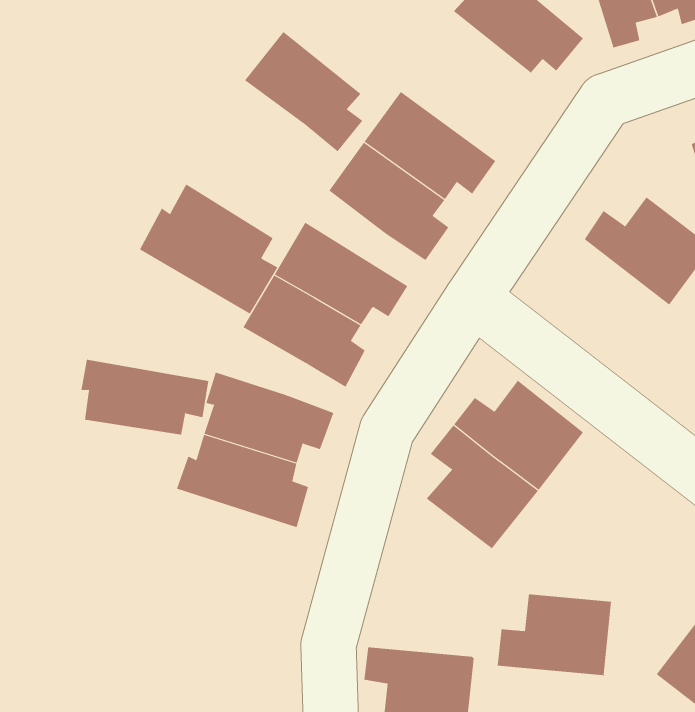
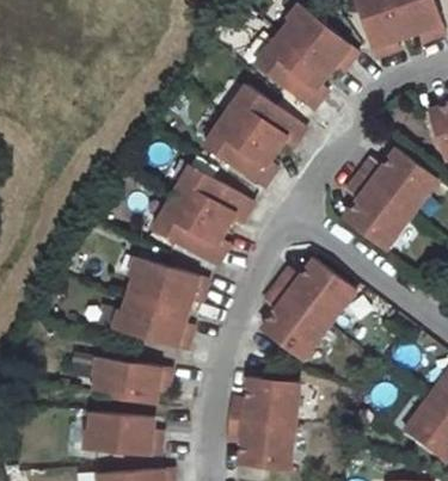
building: [244,31,363,152] -> [257,33,330,107]
building: [139,184,278,315] -> none
building: none -> [345,173,413,249]
building: [80,359,209,435] -> [88,356,167,402]
building: [497,594,612,678] -> [228,378,299,430]
building: none -> [80,411,159,456]

